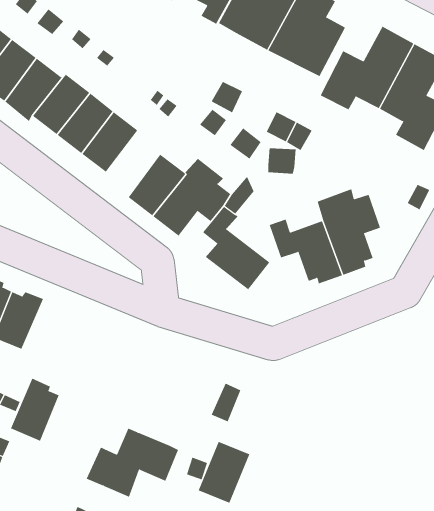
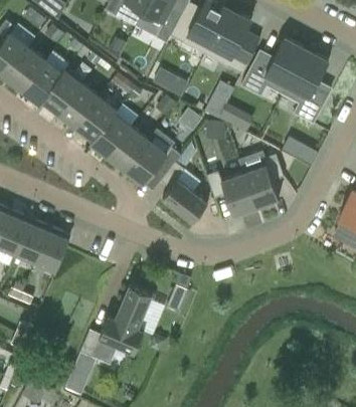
building: none -> [91,111,131,157]
building: [10,378,59,442] -> [35,227,69,271]
building: [198,441,250,503] -> [116,285,152,329]

